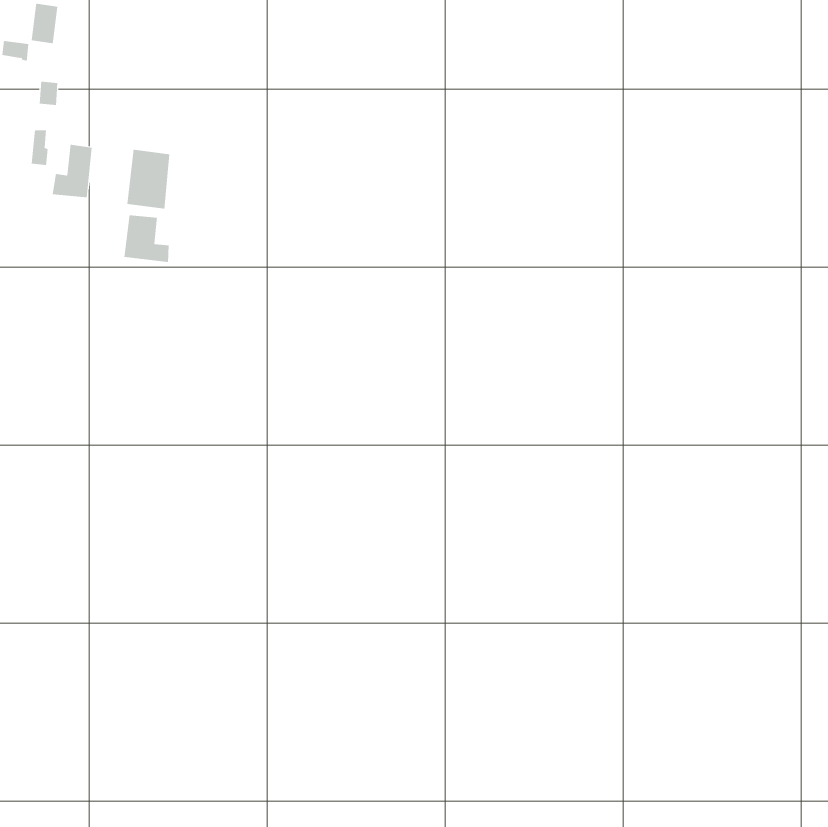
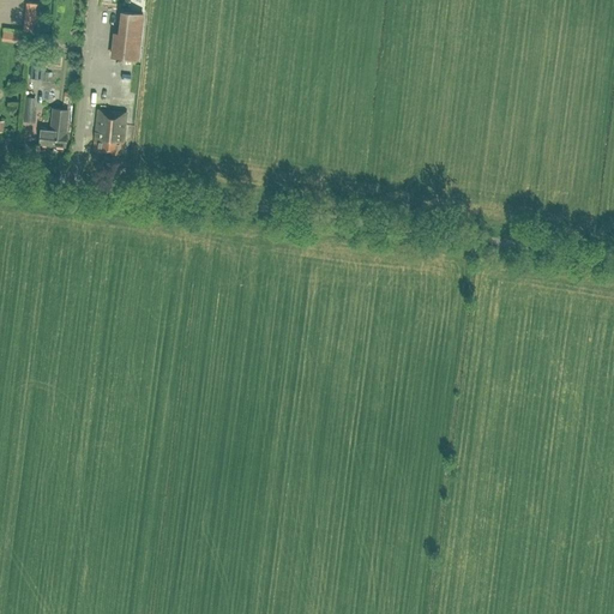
building: none -> [110,8,144,55]
building: [124,215,169,263] -> none

